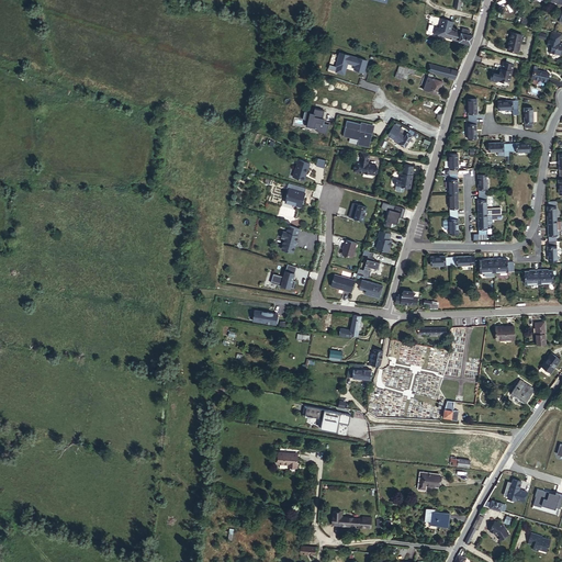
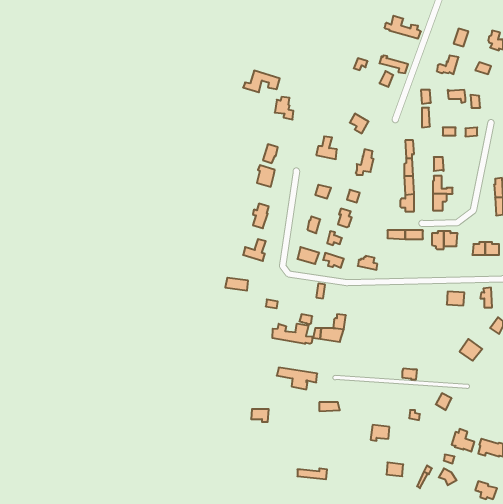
building: [325,50,366,75] -> [243,71,280,92]
building: [340,120,372,146] -> none
building: none -> [272,324,312,344]

